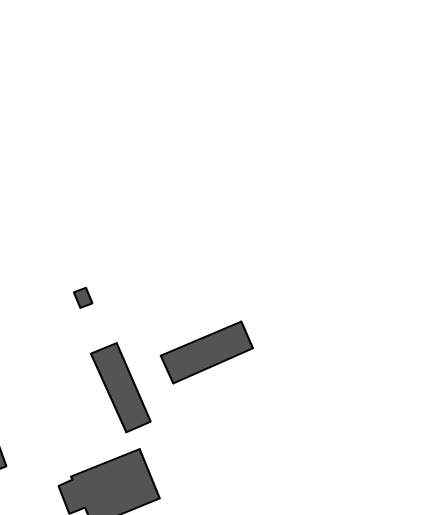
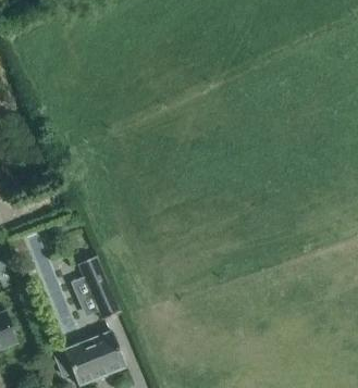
building: [161,321,253,384] -> none

